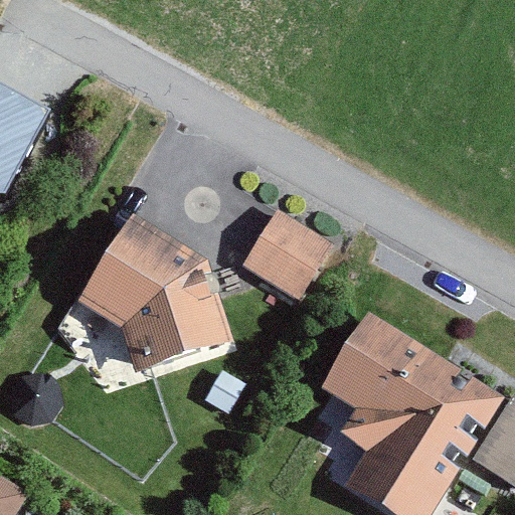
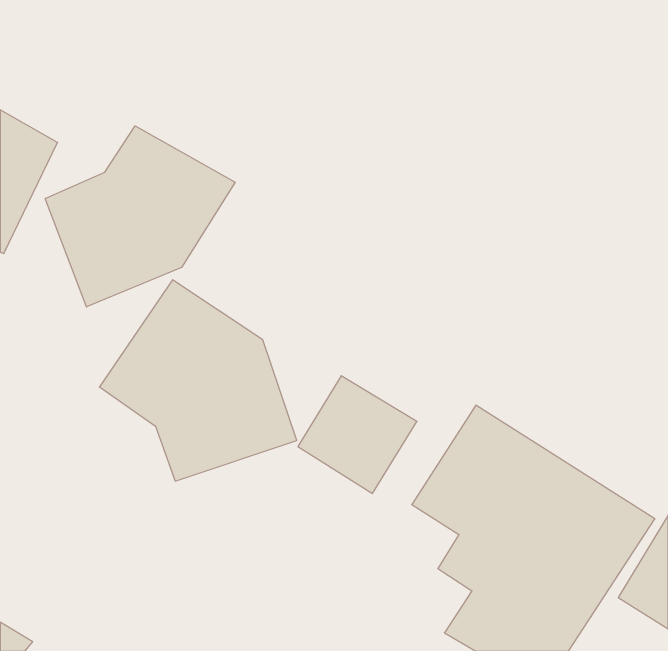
building: none -> [45,126,235,307]
building: [242,210,334,301] -> [298,376,417,493]

